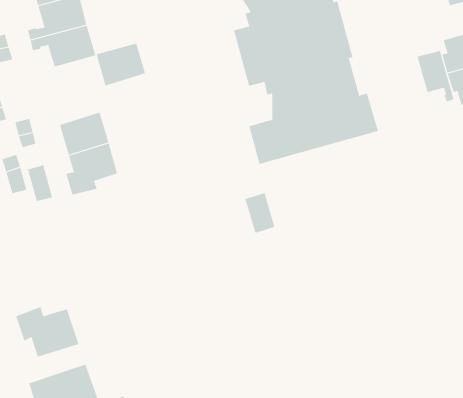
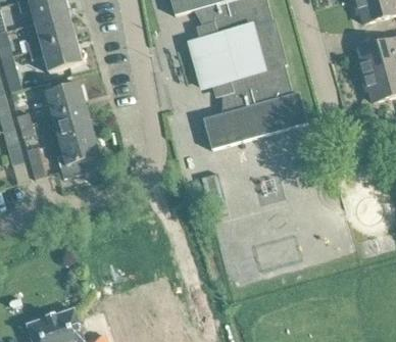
building: [96,43,146,86] -> [45,82,85,116]
building: [417,50,454,102] -> none
building: [16,306,79,357] -> none

